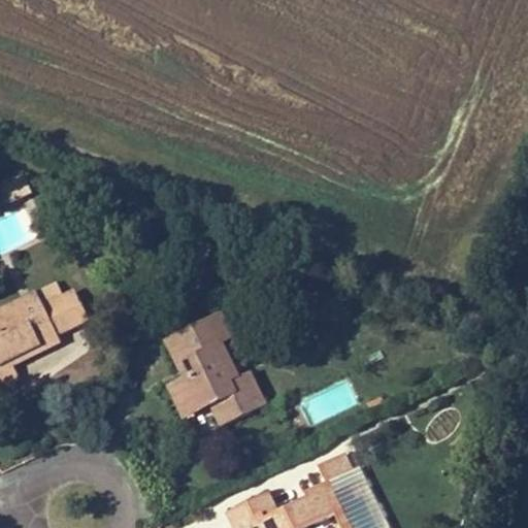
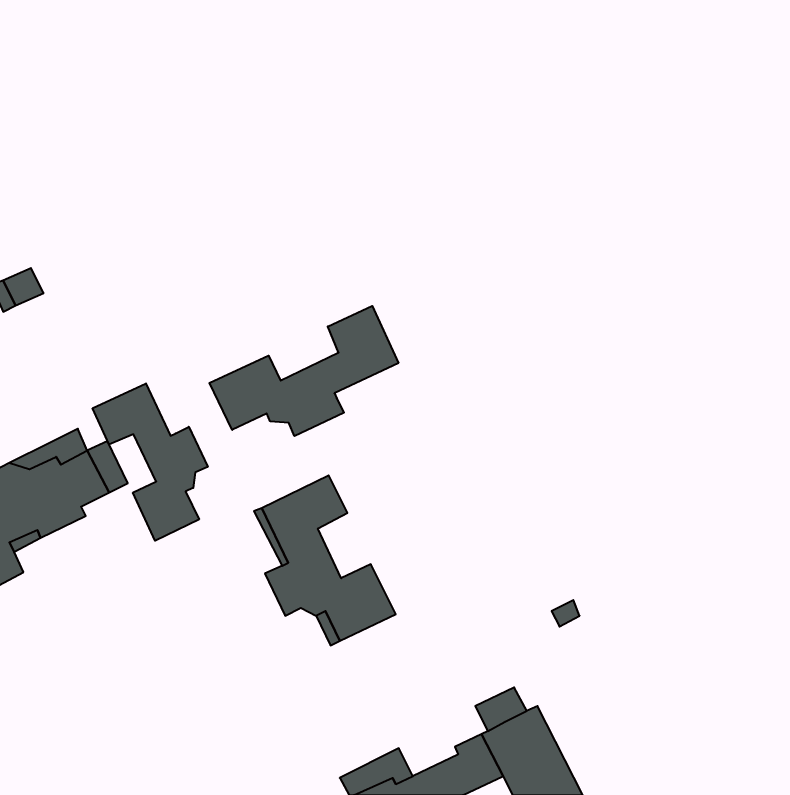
building: none -> [209,306,398,436]
building: none -> [93,383,208,541]

